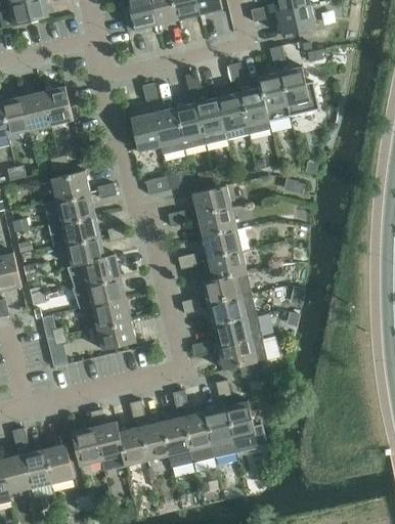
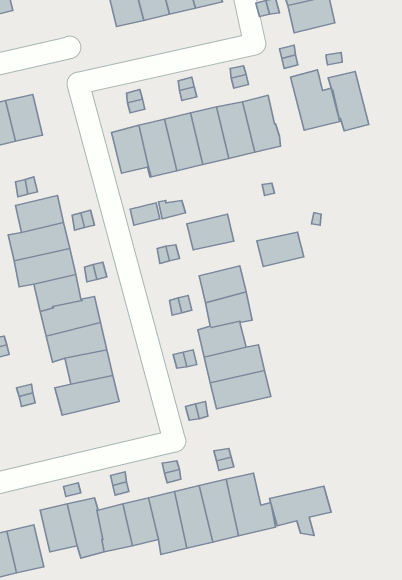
building: [256,72,290,121] -> [328,72,369,131]
building: [198,208,236,236] -> [257,232,304,267]
building: [217,337,268,378] -> [270,486,331,536]

